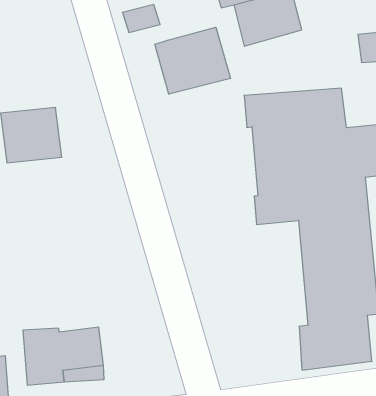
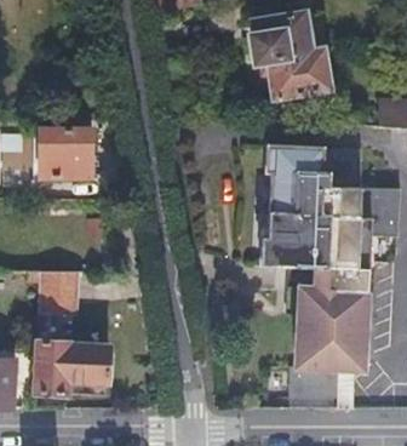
building: [155,27,230,94] -> none
building: none -> [35,273,74,311]

